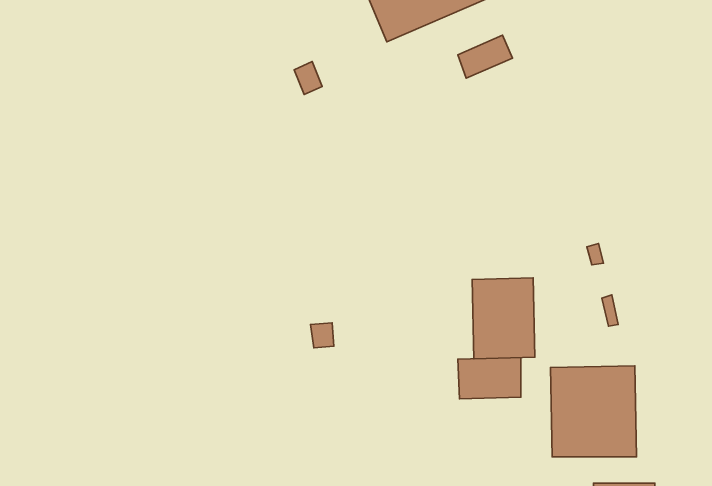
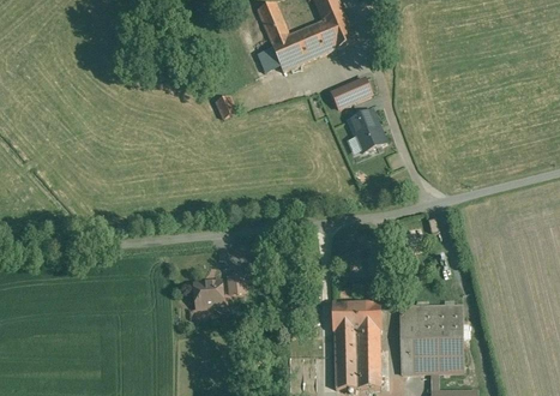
building: none -> [345,108,390,156]
building: [472,278,535,359] -> [335,329,380,388]
building: none -> [193,281,222,308]

